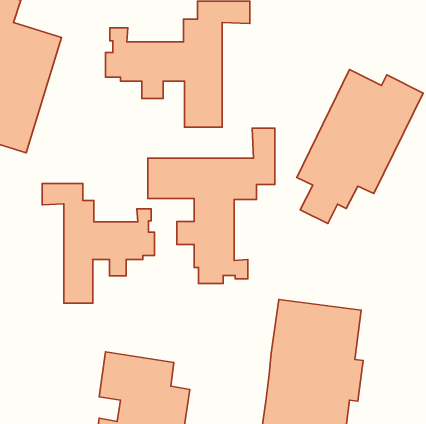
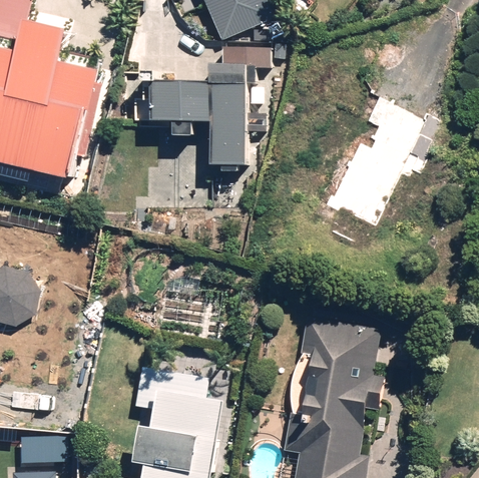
building: [148,128,275,284] -> none
building: [42,183,154,303] -> none

